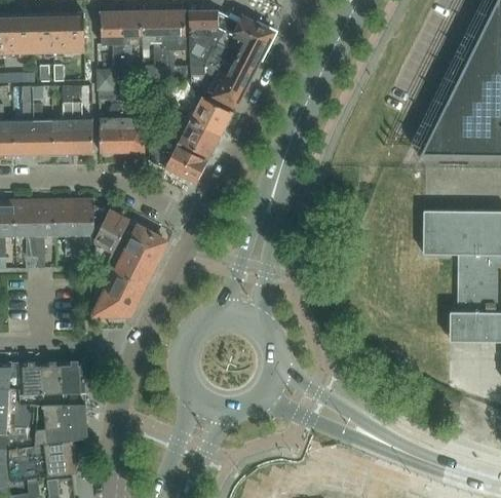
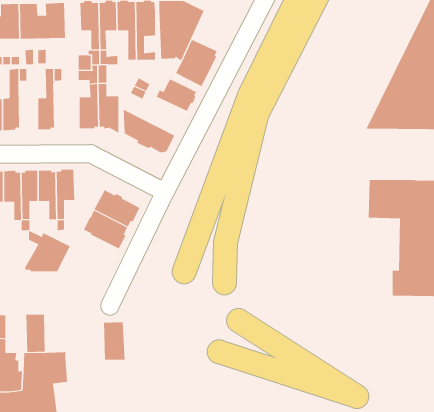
building: [226,17,270,68] -> none
building: [33,103,53,155] -> none
building: [72,103,93,154] -> none
building: [179,118,221,157] -> none
building: [94,204,128,253] -> none
building: [91,270,143,316] -> [25,231,71,272]
building: [62,360,86,404] -> [103,322,125,360]
building: [18,361,41,405] -> none

